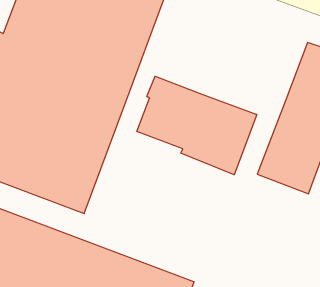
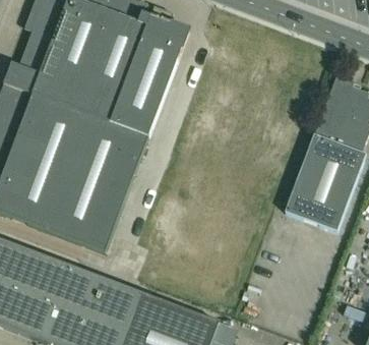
building: [137,76,257,175] -> none

